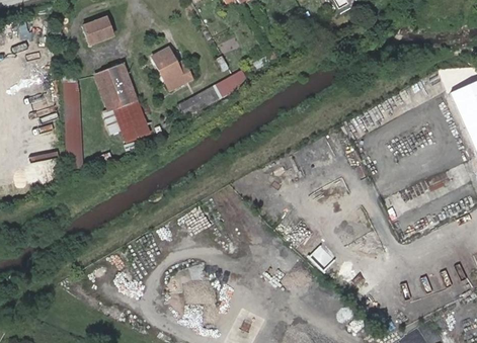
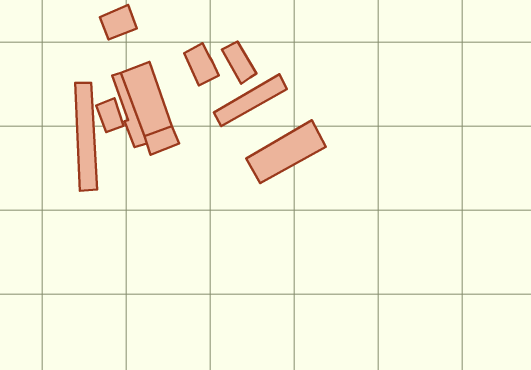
building: none -> [222,42,256,84]
building: none -> [96,98,123,132]
building: none -> [246,120,326,183]

